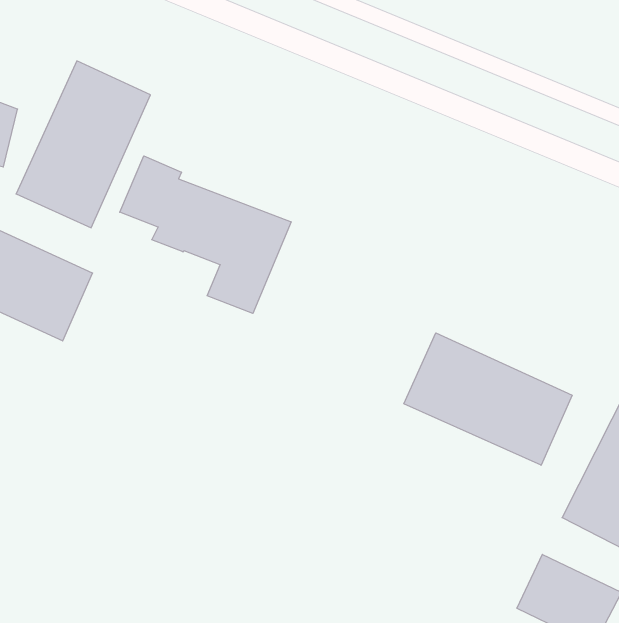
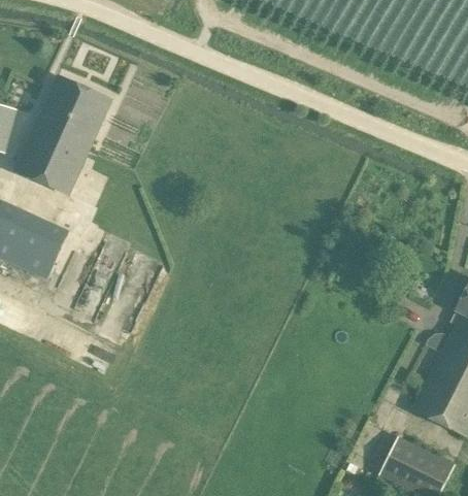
building: [120,156,291,313] -> none
building: [404,333,572,465] -> none

